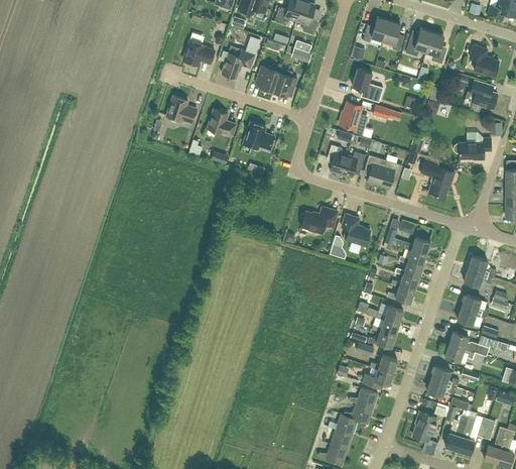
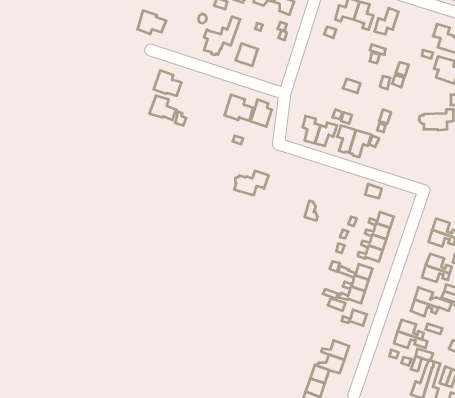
building: [425,32,446,65] -> none
building: [183,40,215,66] -> [137,11,166,34]
building: [273,68,296,97] -> [251,100,272,127]
building: [352,69,383,102] -> none
building: [340,102,368,130] -> none
building: [207,110,236,136] -> [149,96,176,120]
building: [420,159,454,202] -> none
building: [300,207,338,233] -> [234,171,269,195]
building: [342,214,370,246] -> none
building: [385,228,430,254] -> none
building: [362,367,393,388] -> none
building: [412,412,436,442] -> none

